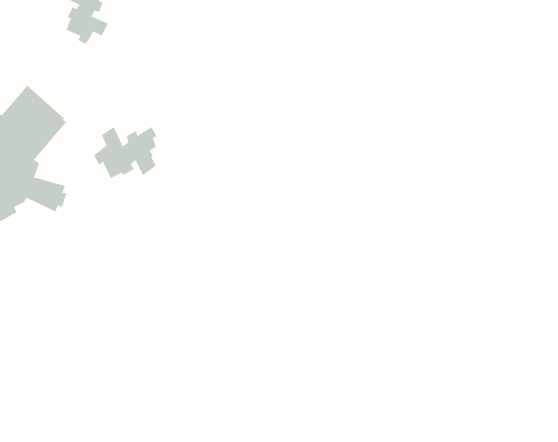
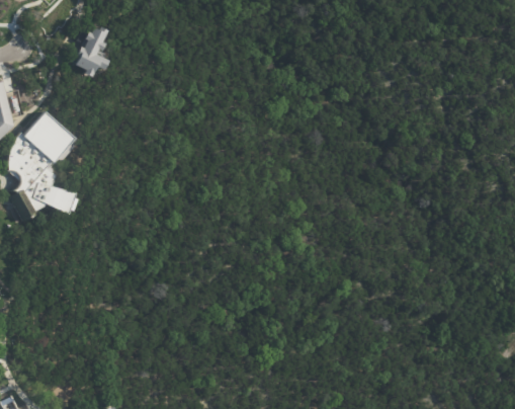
building: [93,126,157,179] -> none

